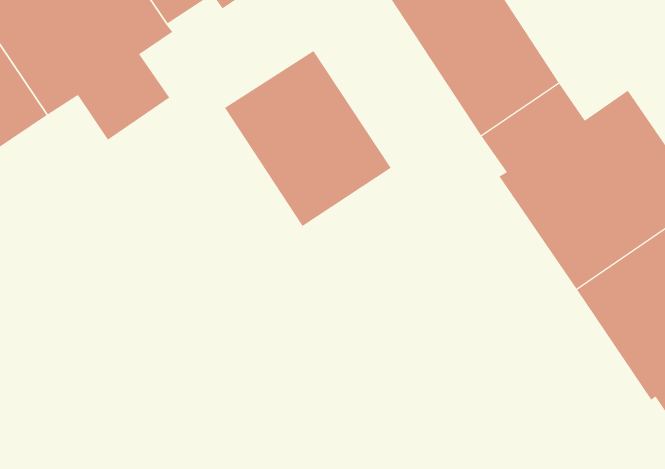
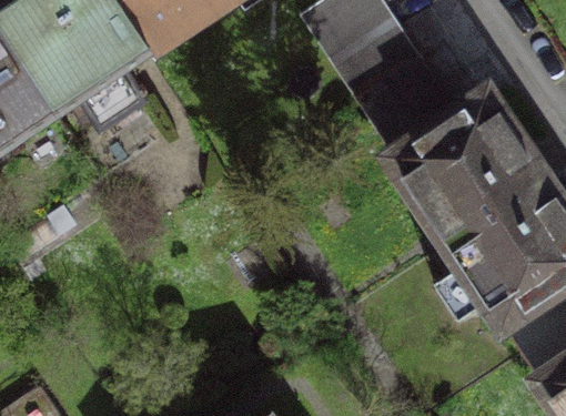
building: [224,50,391,227] -> none

